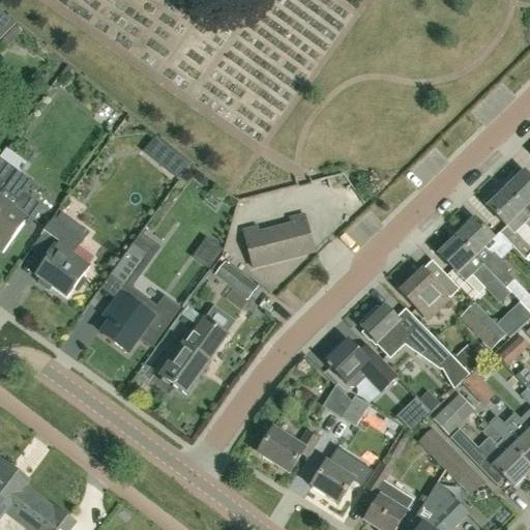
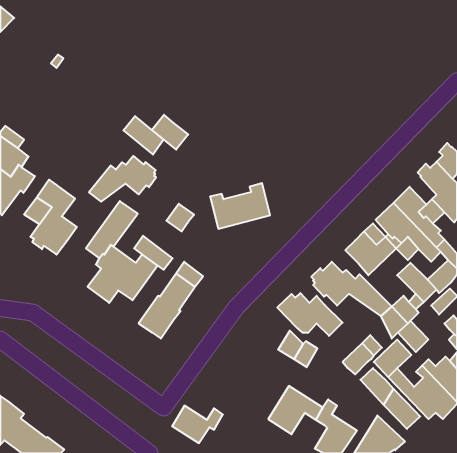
building: none -> [152,115,188,150]
building: none -> [89,156,156,202]
building: [214,260,259,299] -> [134,236,173,270]
building: [258,428,317,471] -> [172,406,223,443]

